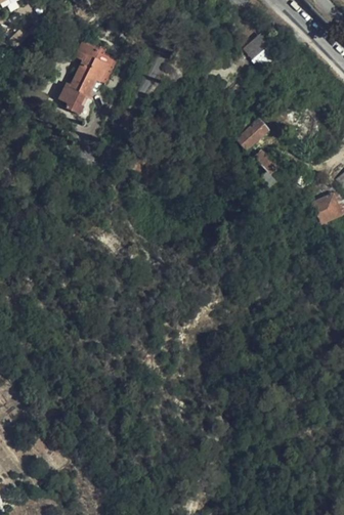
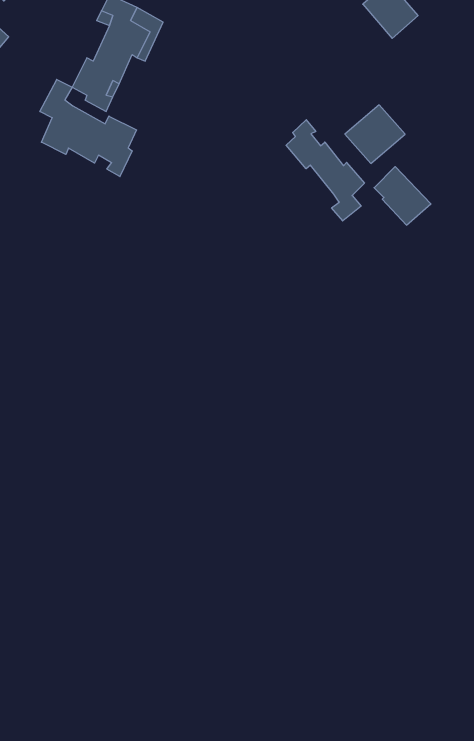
building: none -> [40,79,136,177]
building: none -> [286,120,364,221]

